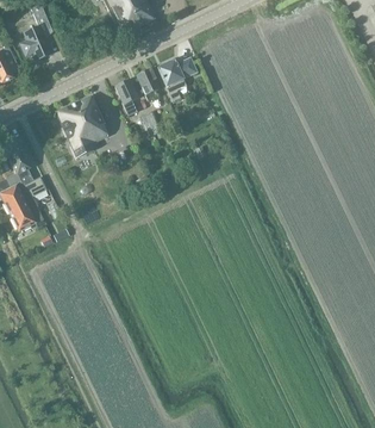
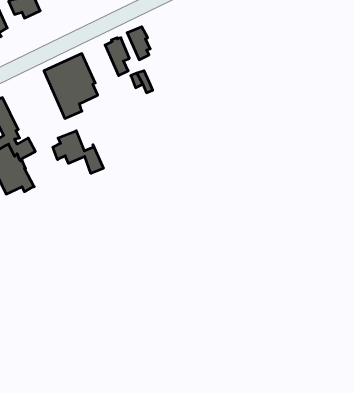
building: [157,55,198,99] -> none
building: none -> [53,131,103,173]

